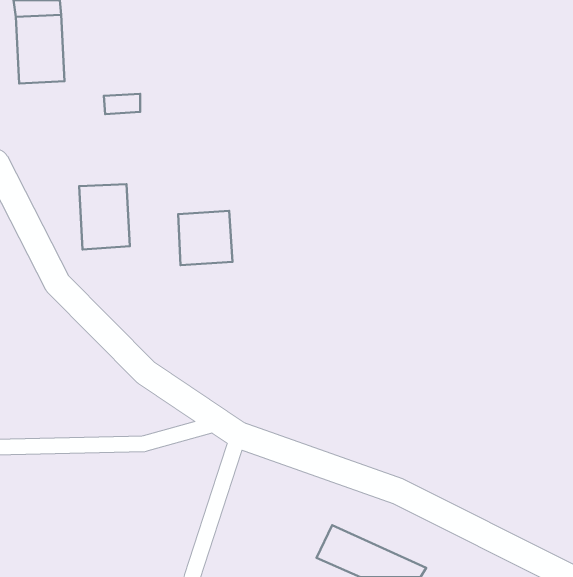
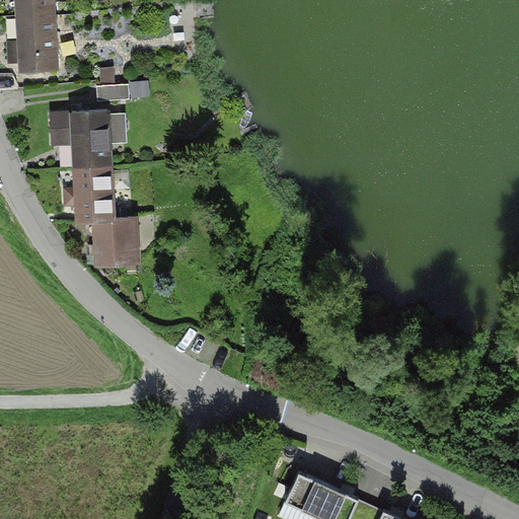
building: none -> [68,108,114,167]
building: [178,211,232,265] -> [90,220,139,269]

